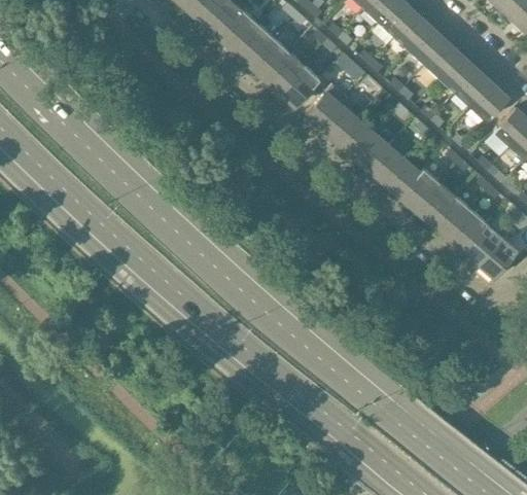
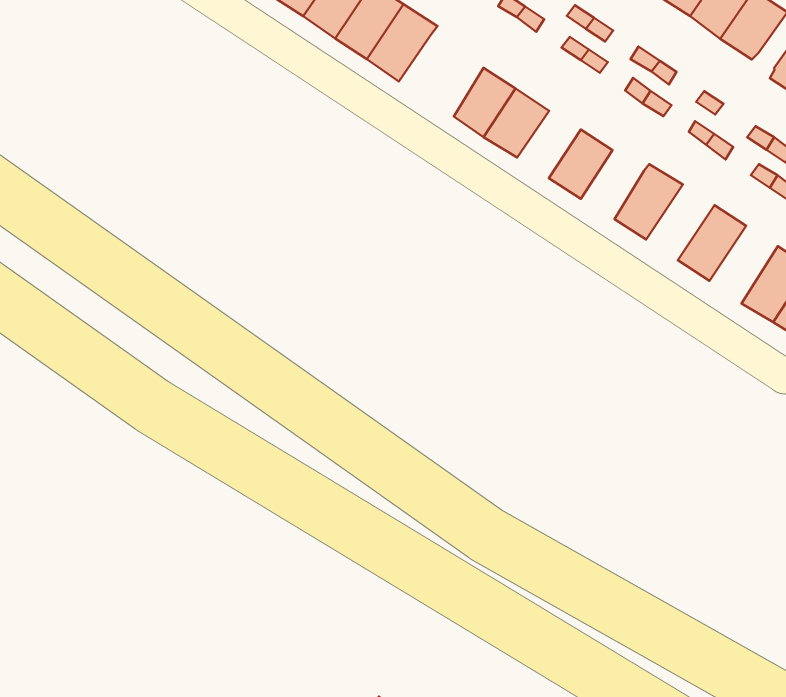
building: [306,92,342,129] -> none
building: [353,133,389,169] -> none
building: [384,158,420,196] -> none
building: [416,182,455,222] -> none
building: [447,209,486,250] -> none

